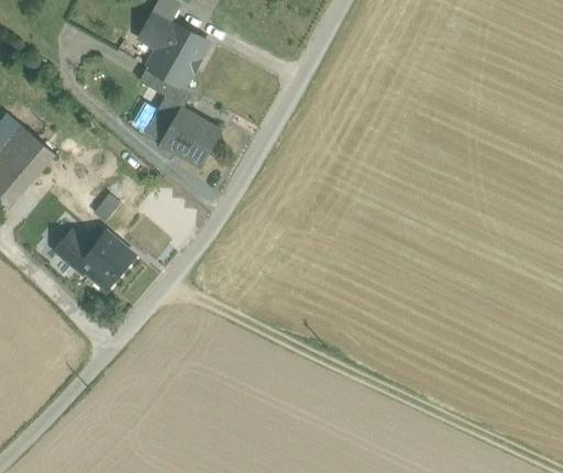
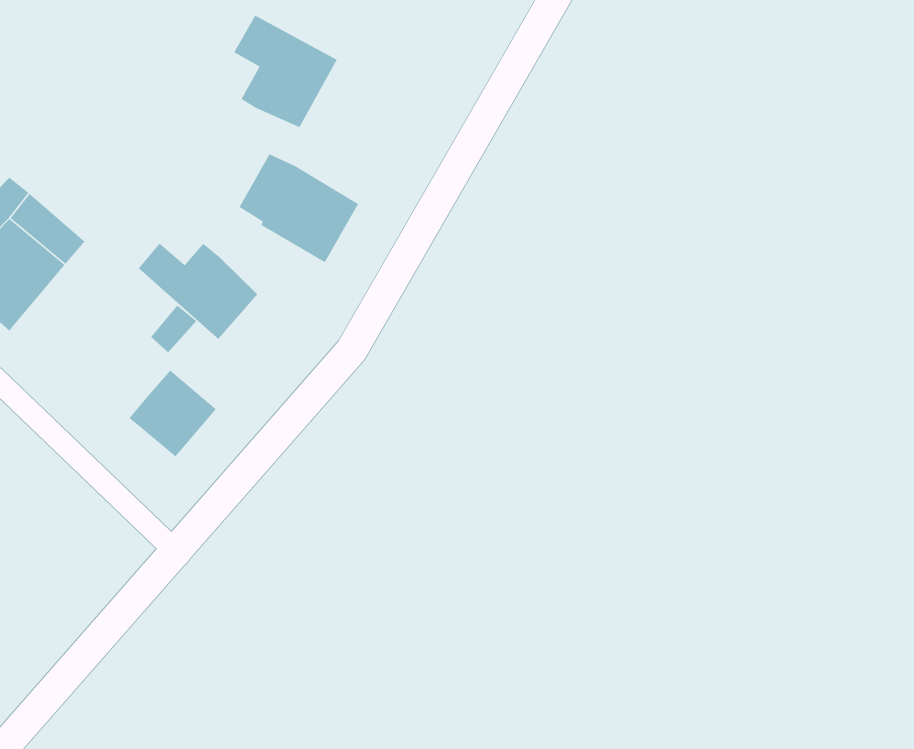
building: [150,72,192,107] -> none
building: none -> [138,243,258,340]
building: [55,231,90,272] -> none

